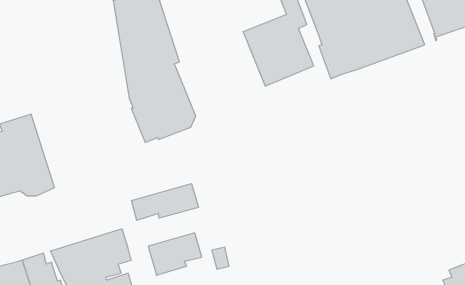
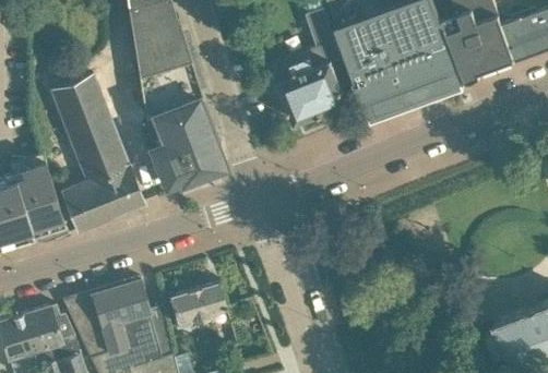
building: none -> [52,75,145,231]
building: [132,184,198,220] -> none

